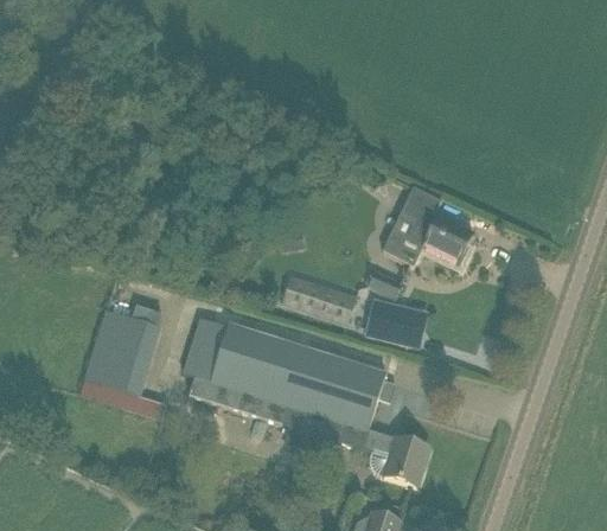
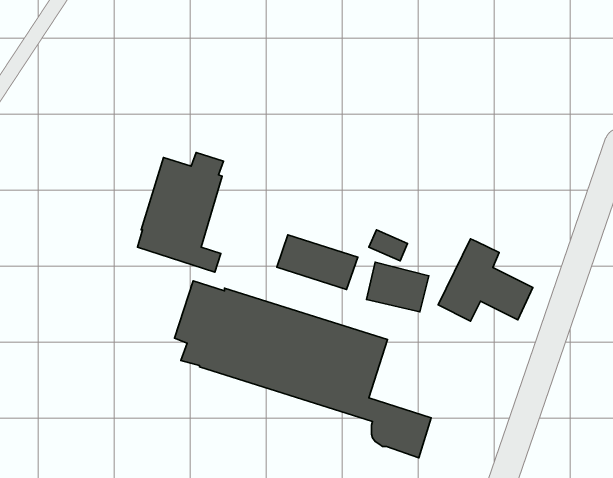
building: [383,186,473,264] -> [438,239,533,321]
building: [82,303,164,417] -> [137,152,223,272]

